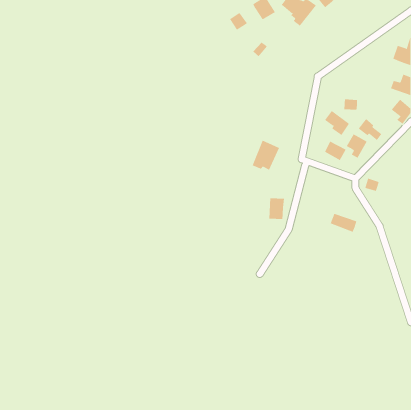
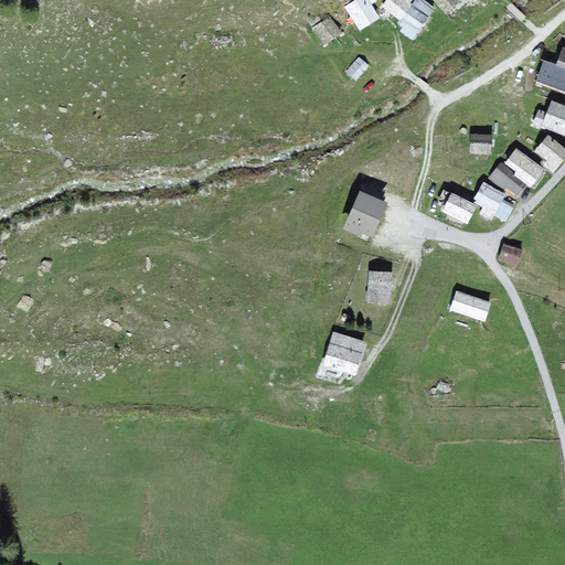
building: [324,110,350,136] -> [507,149,542,184]
building: none -> [326,333,363,372]

